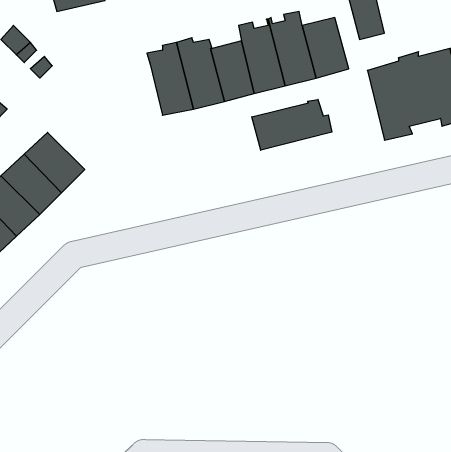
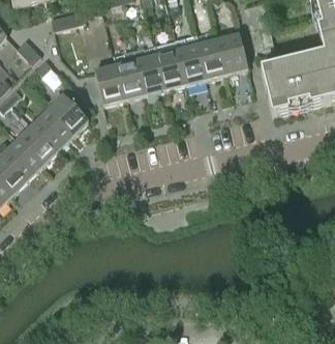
building: none -> [94,64,124,105]
building: none -> [48,87,91,135]
building: [252,99,332,150] -> none

